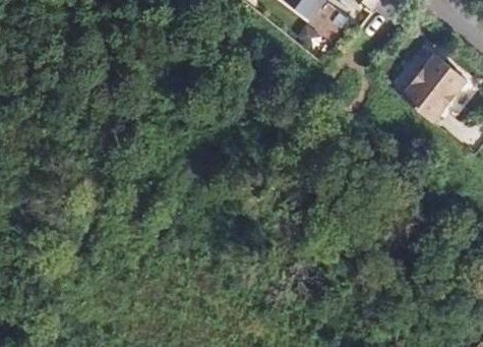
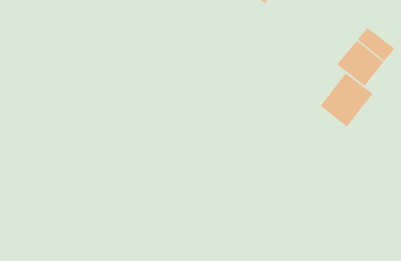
building: none -> [320,72,374,127]

